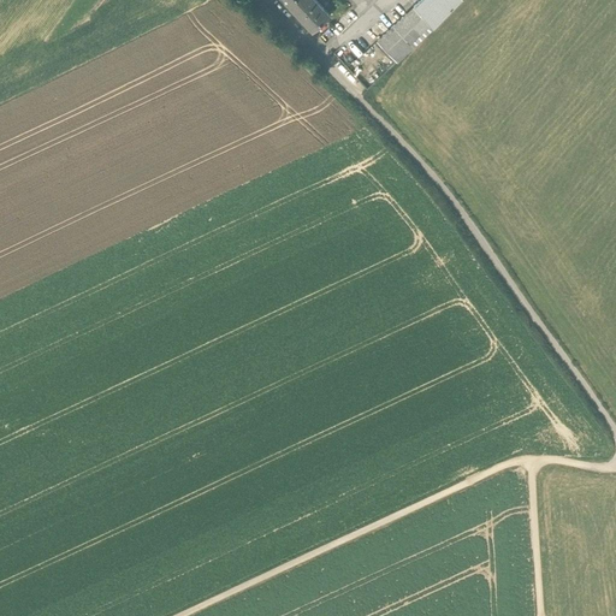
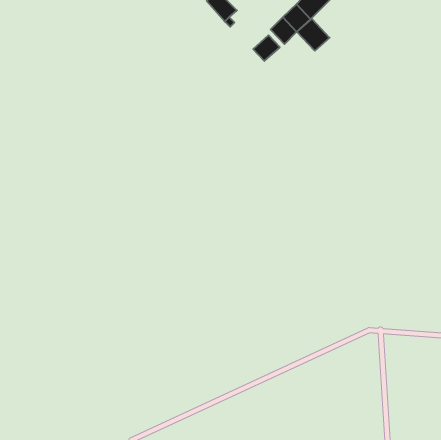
building: none -> [297,19,330,51]
building: none -> [253,35,280,61]

